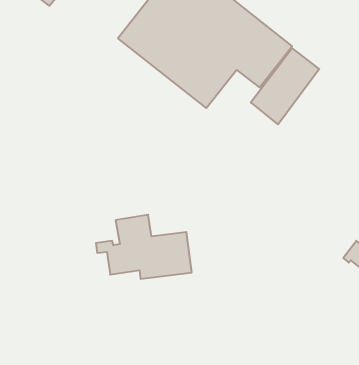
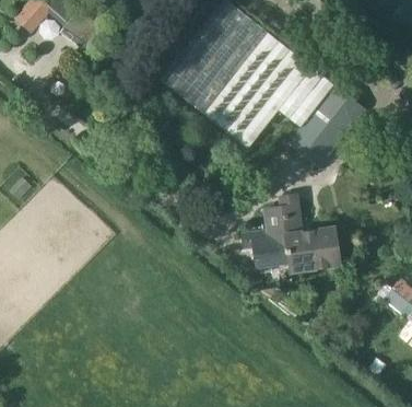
building: [96,215,192,279] -> [245,206,341,270]

